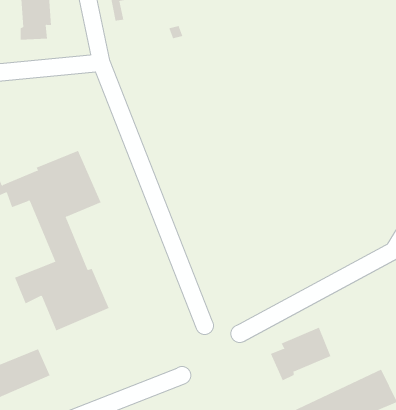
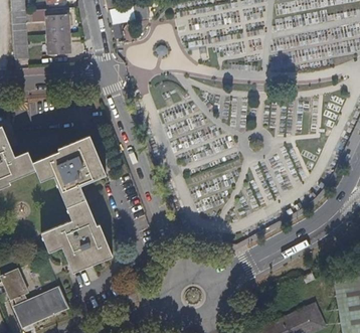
building: [270,327,331,381] -> none

